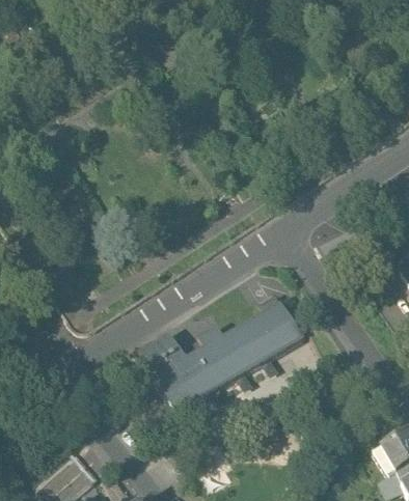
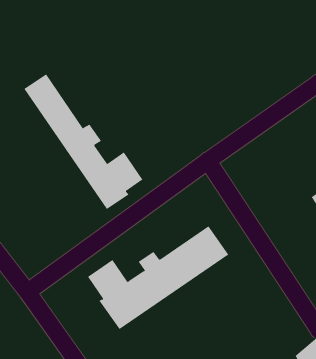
building: none -> [24,73,143,210]

